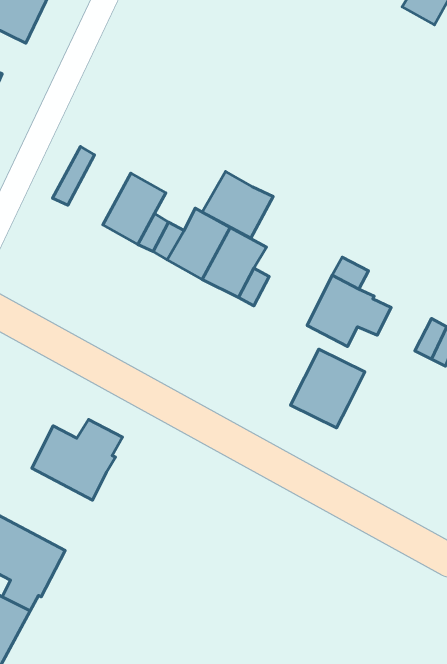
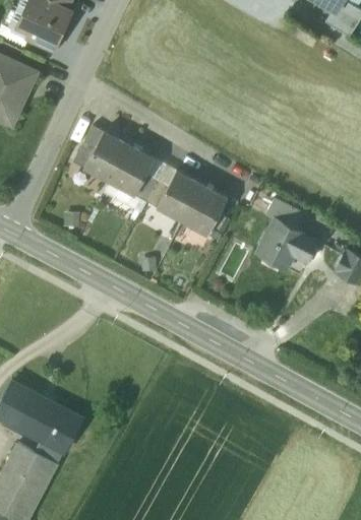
building: none -> [83,130,129,182]
building: [202,172,273,238] -> none
building: [291,349,365,428] -> none
building: [32,419,122,500] -> none

